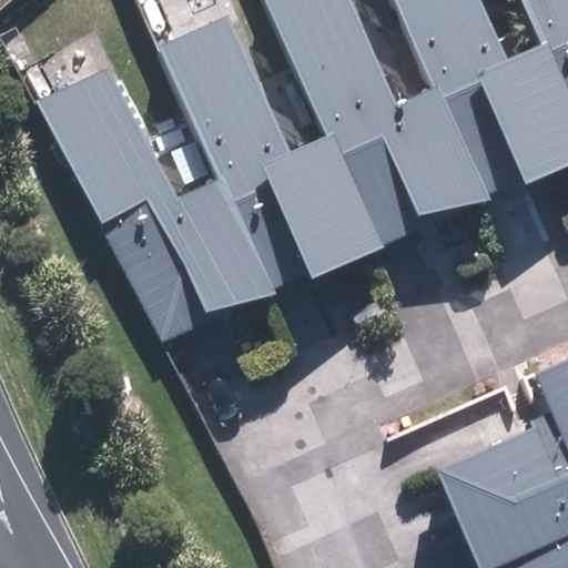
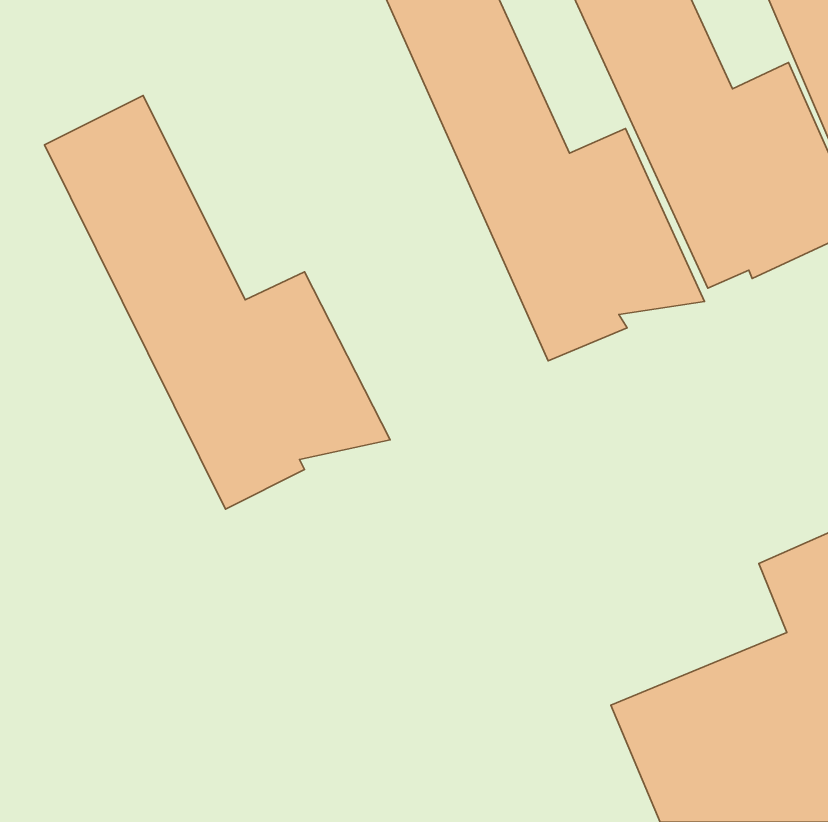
building: [162,13,377,295] -> none

